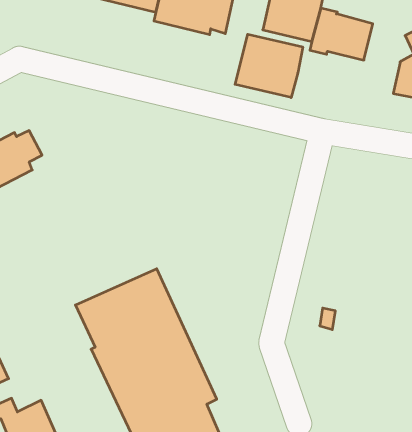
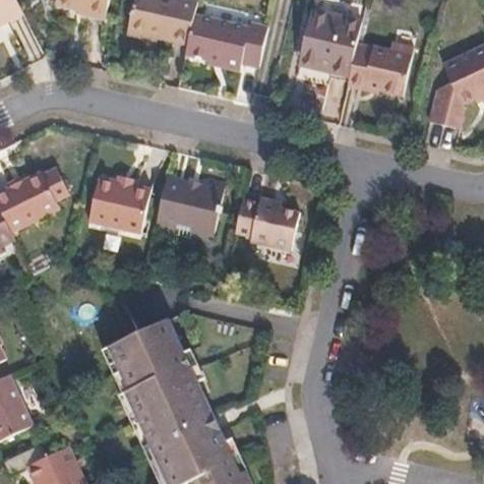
building: [235,34,303,98] -> none
building: none -> [154,174,224,236]
building: none -> [85,178,148,235]
building: none -> [233,197,298,253]

